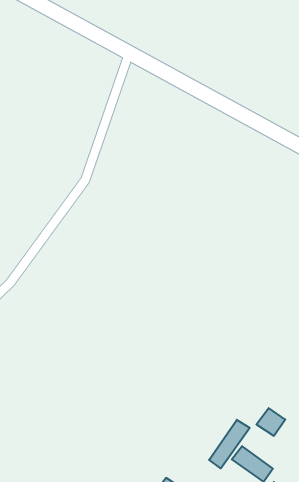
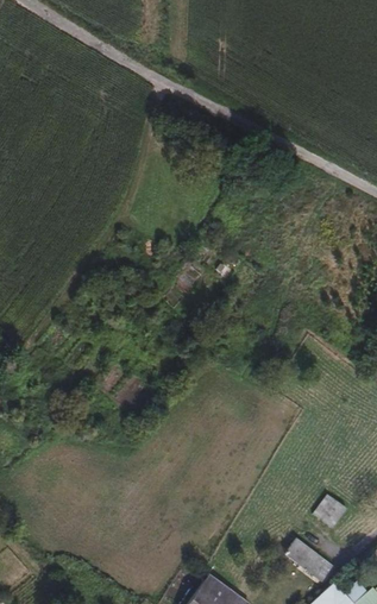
building: [209,420,250,468] -> none

